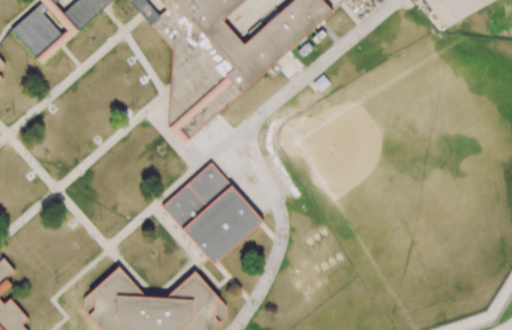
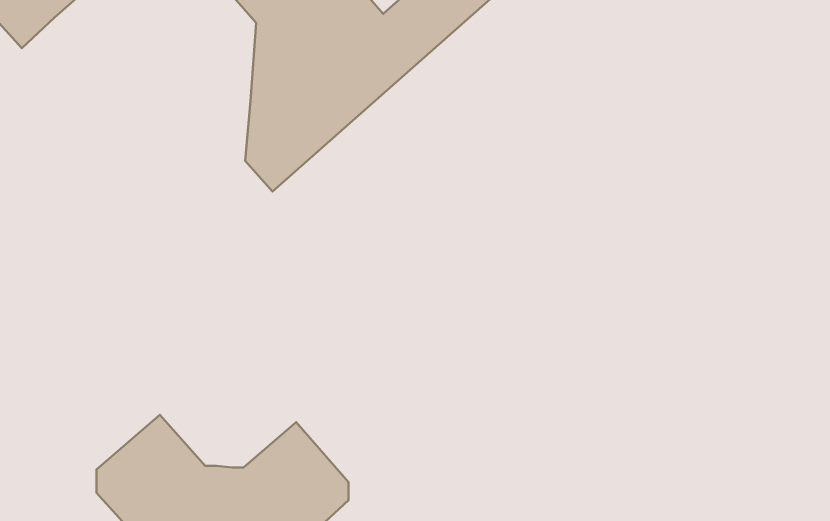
building: [163,159,263,262] -> none

